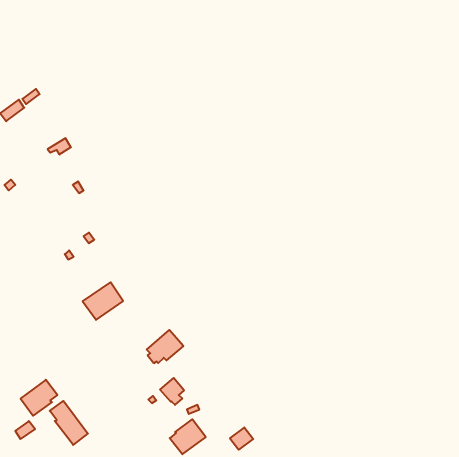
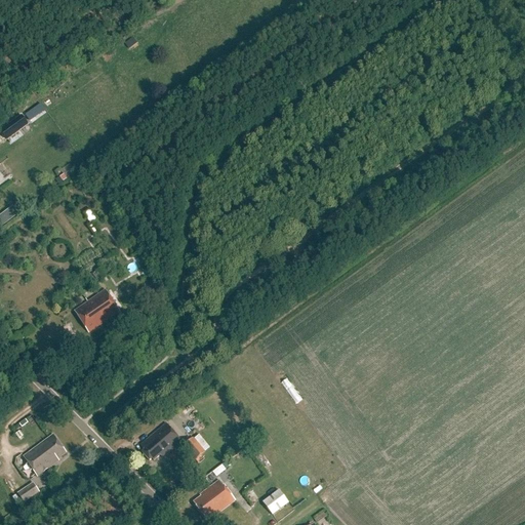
building: [83,282,123,320] -> [74,288,120,331]
building: [147,330,183,363] -> [140,421,183,459]
building: [50,401,88,445] -> none

